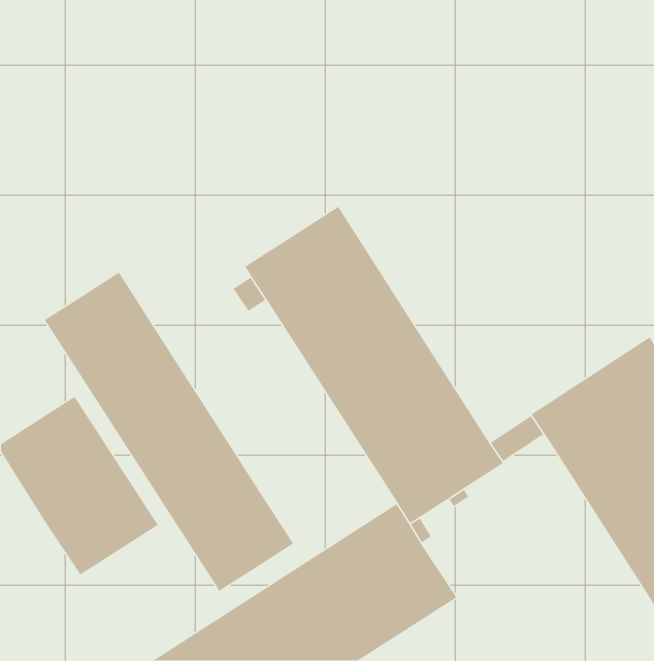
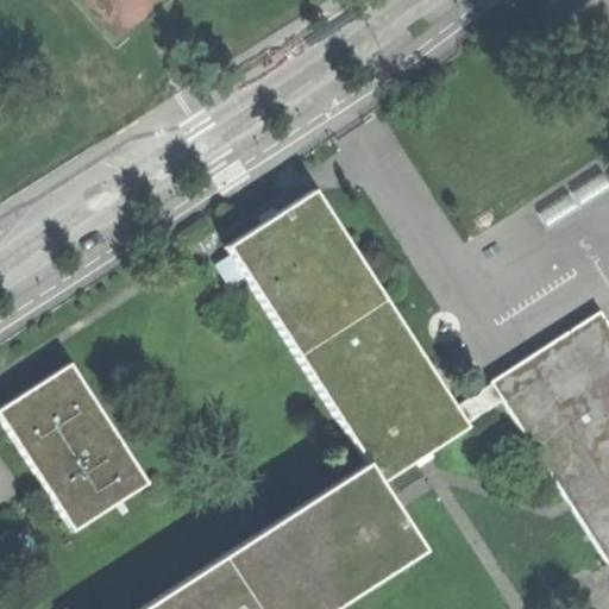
building: [44,271,294,592] -> none

